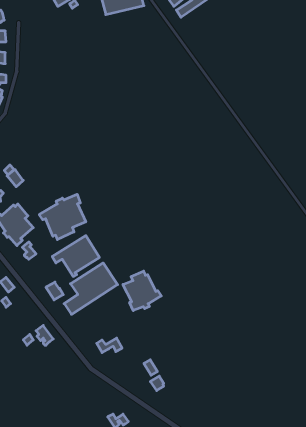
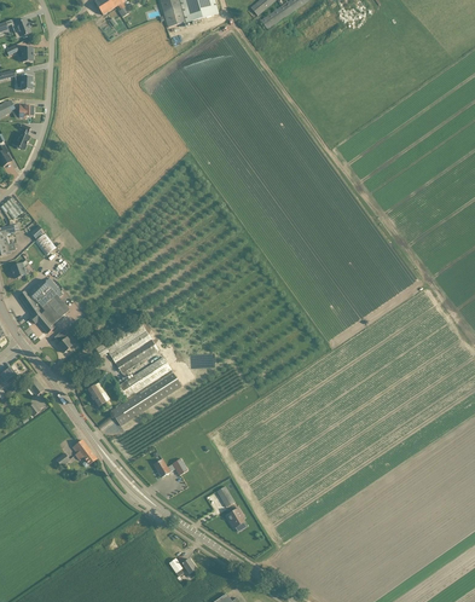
building: [39,194,86,240] -> none
building: [123,271,161,311] -> none

